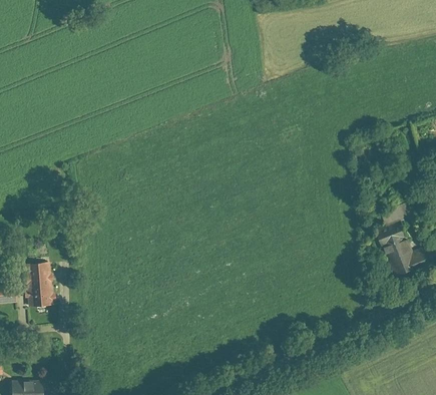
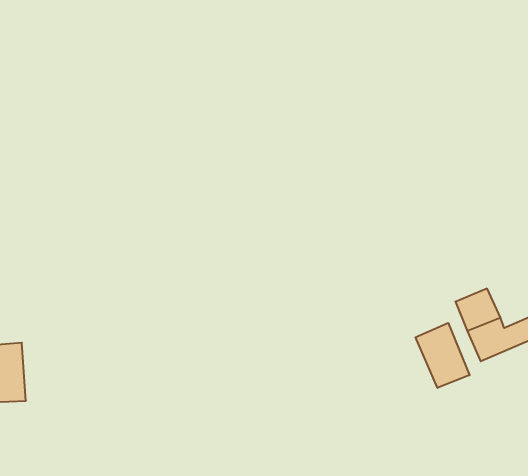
building: none -> [416,323,470,388]

